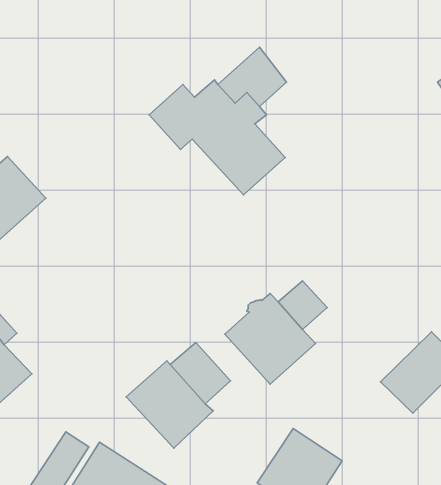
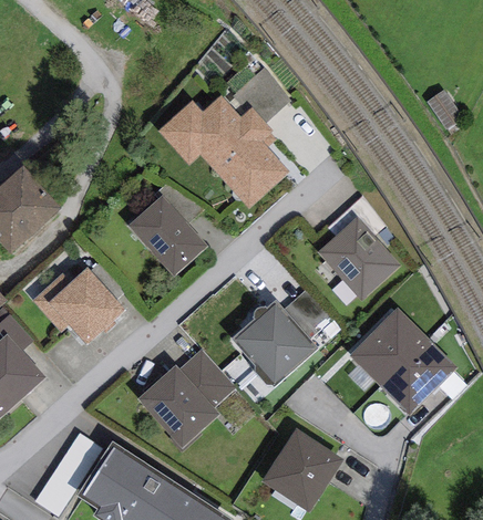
building: none -> [129,194,207,274]
building: none -> [319,217,400,299]
building: none -> [33,267,125,344]
building: none -> [350,308,428,384]

